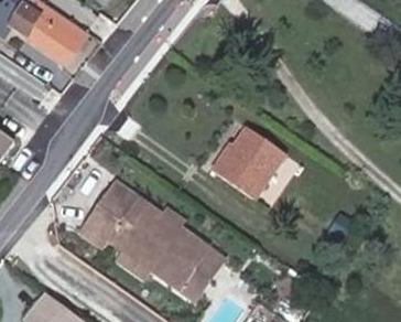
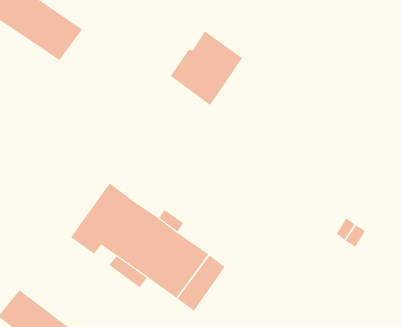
building: [214,126,283,197] -> [170,30,243,106]

